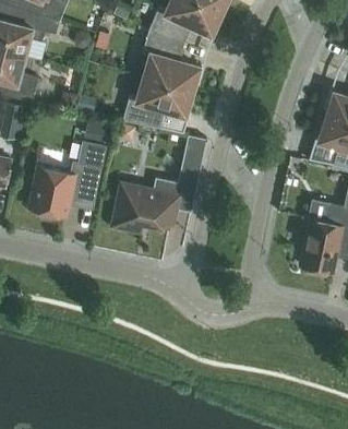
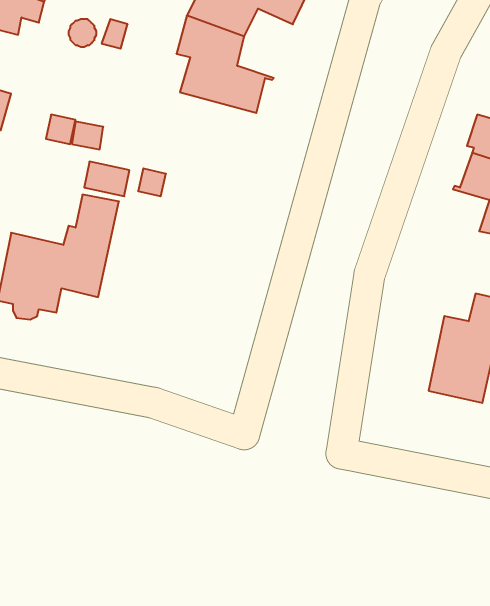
building: [122,76,194,127] -> none
building: [179,134,206,179] -> none
building: [112,177,181,230] -> none

